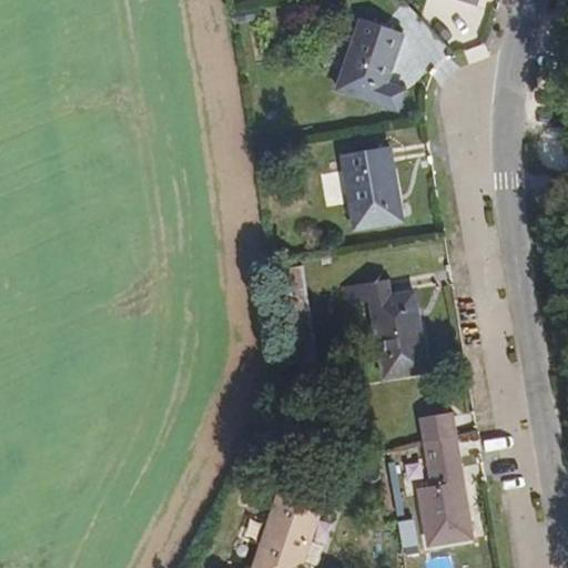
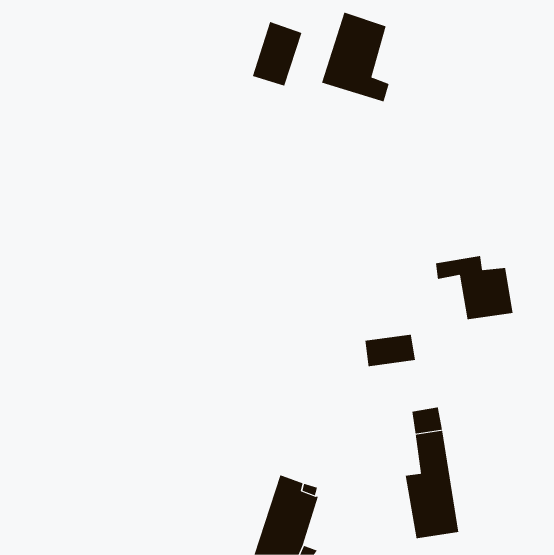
building: none -> [252,21,302,87]
building: [347,150,407,231] -> none
building: [342,282,422,347] -> [435,256,513,320]

